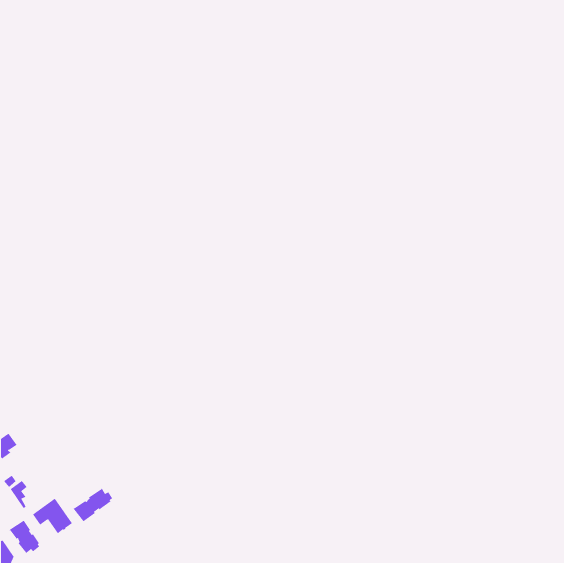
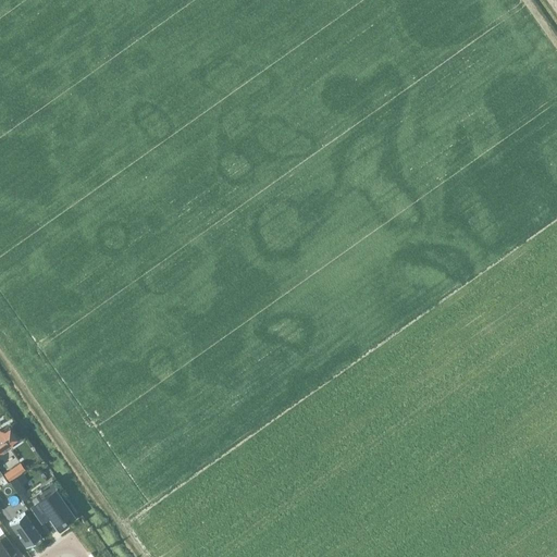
building: [73,487,113,522] -> none

